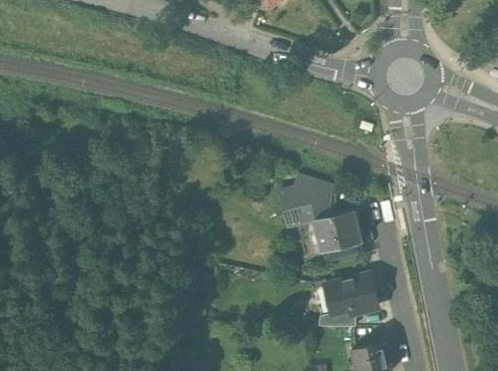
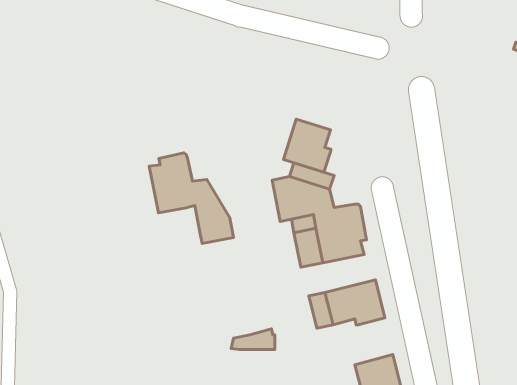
building: none -> [283,119,331,172]
building: none -> [149,153,233,243]
building: [318,311,356,329] -> [231,329,275,350]

